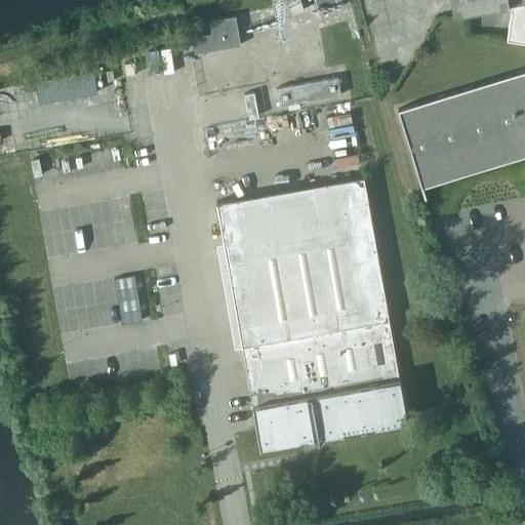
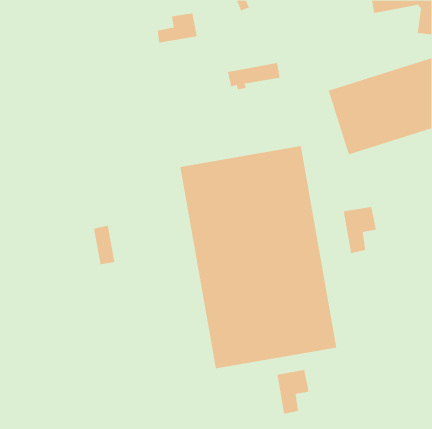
building: none -> [343,206,376,254]
building: none -> [277,369,309,415]

